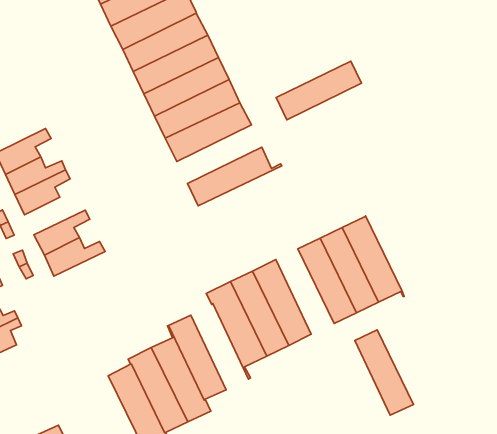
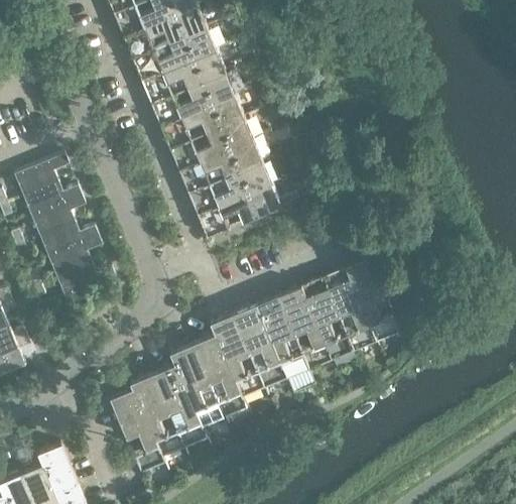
building: [276,61,361,120] -> [189,162,273,216]
building: none -> [38,222,98,257]
building: none -> [195,334,247,418]
building: [355,330,413,415] -> [280,285,334,369]

